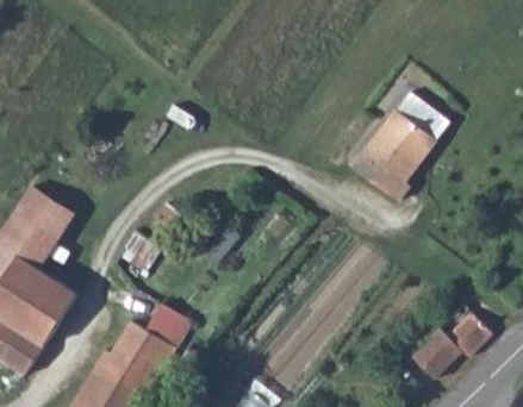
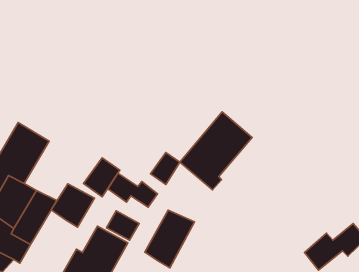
building: [356,95,454,200] -> [180,112,252,190]
building: none -> [108,173,158,207]
building: none -> [51,184,95,227]
building: none -> [145,210,194,268]

